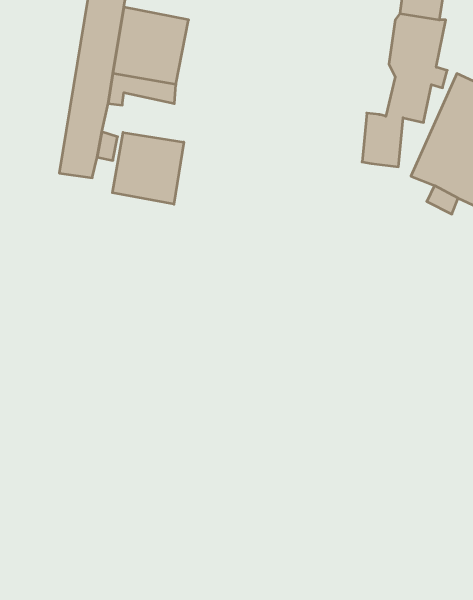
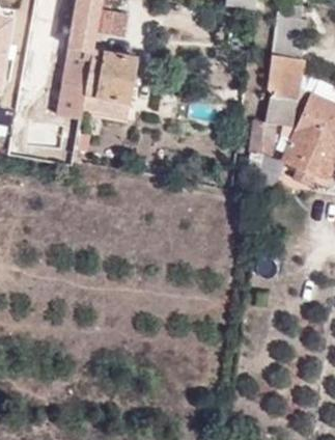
building: [112,132,184,204] -> none

